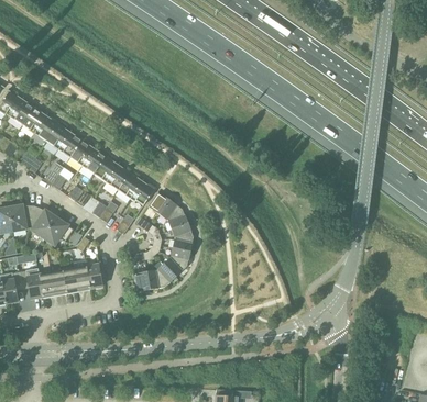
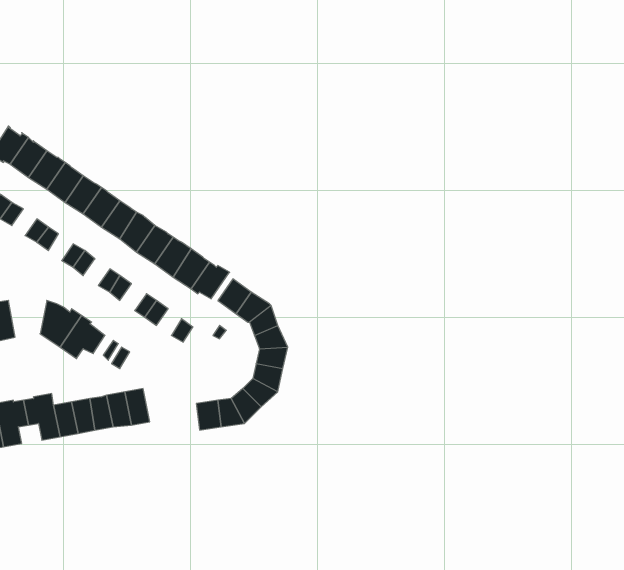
building: [9,205,34,231] -> none

